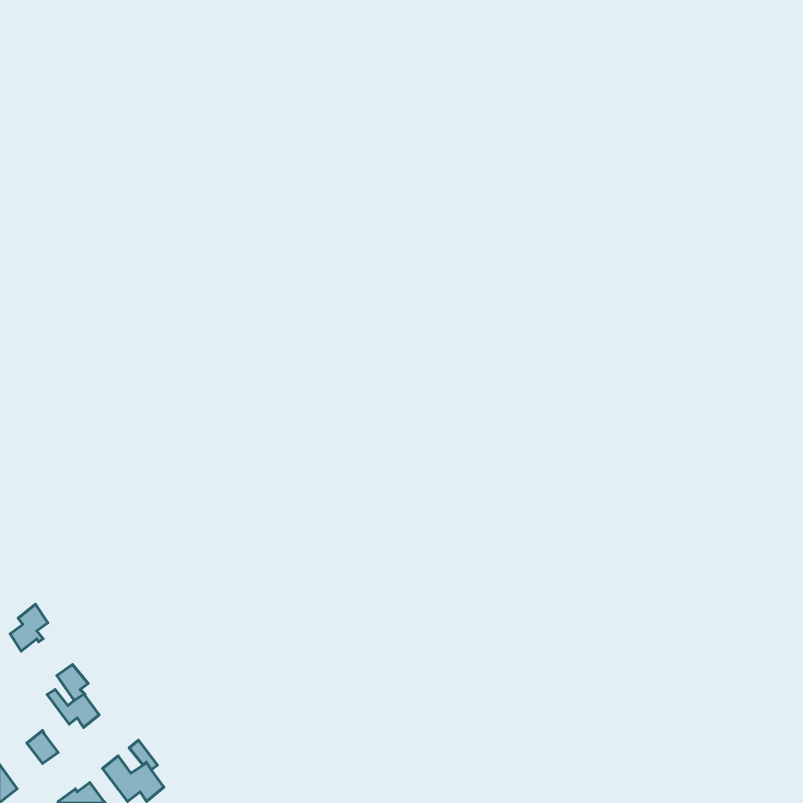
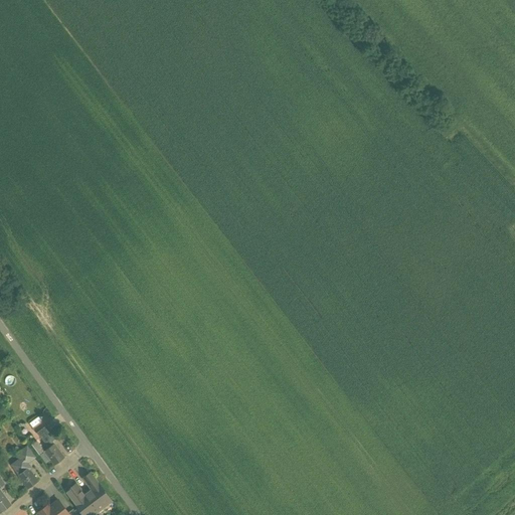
building: [10,604,48,651] -> [10,445,34,475]

